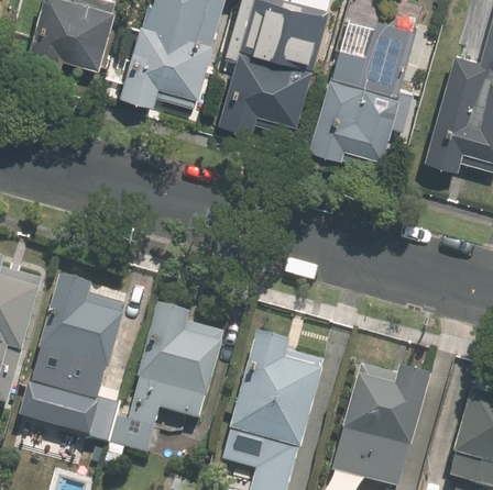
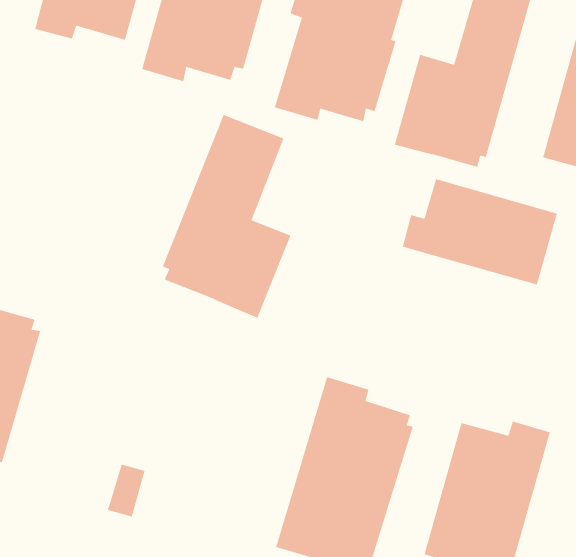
building: none -> [162,114,291,319]
building: none -> [402,178,558,285]
building: [24,276,124,414] -> none
building: [111,304,231,454] -> none

